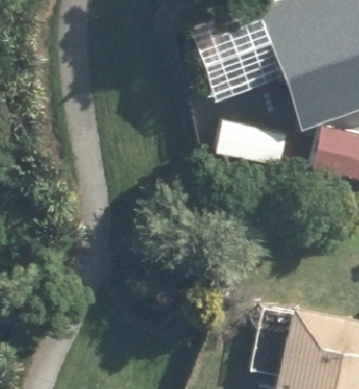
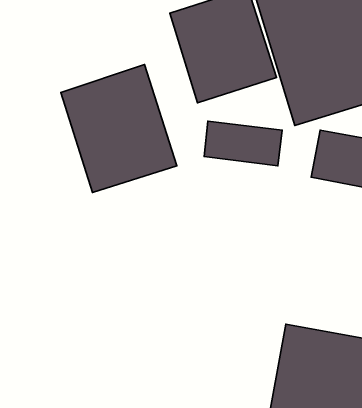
building: none -> [61,65,177,192]

